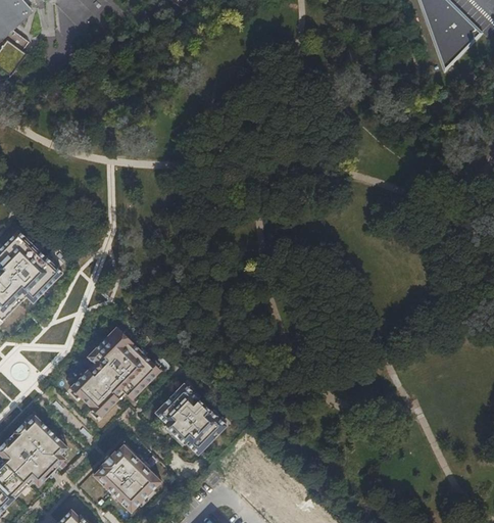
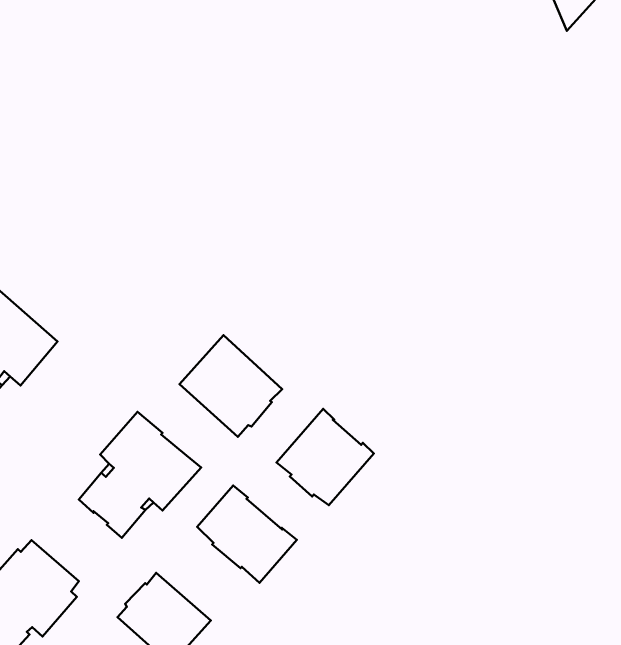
building: none -> [179,335,282,437]
building: none -> [277,409,374,505]

